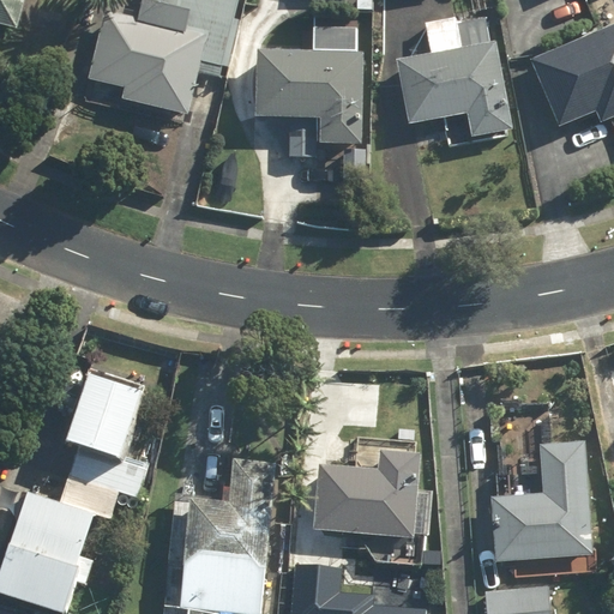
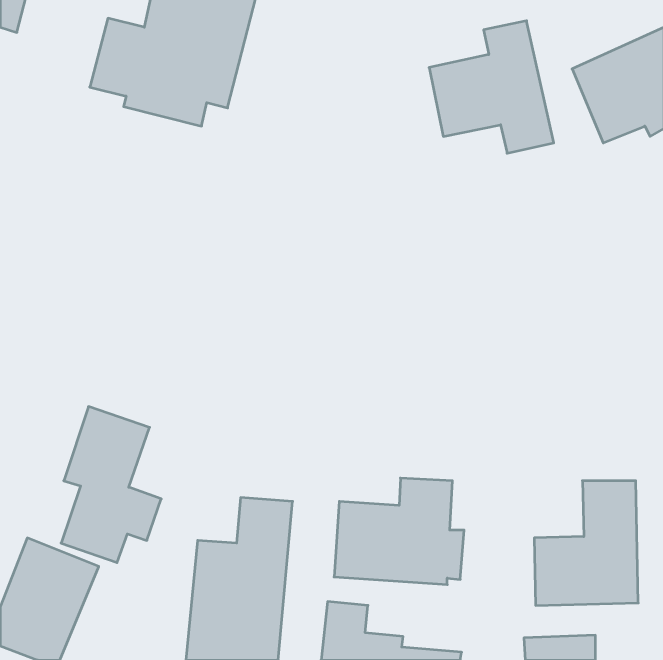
building: [252,12,366,173] -> none

